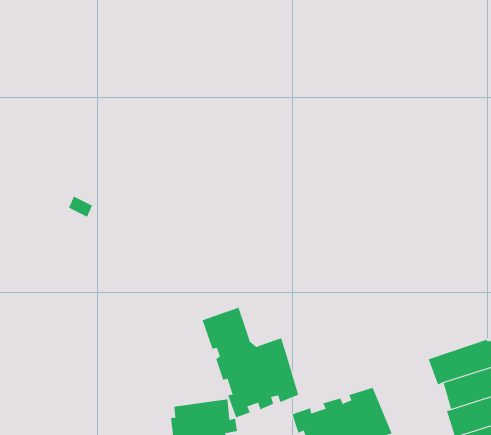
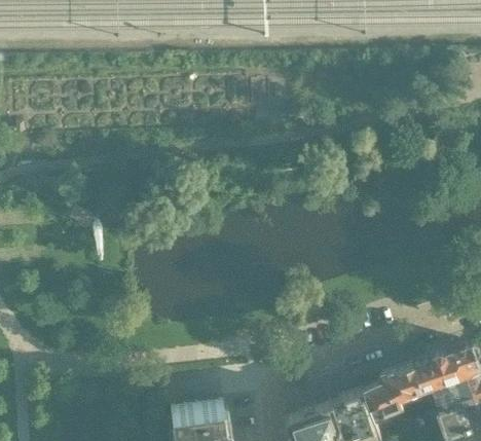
building: [202,307,299,418] -> none
building: none -> [367,367,429,420]

